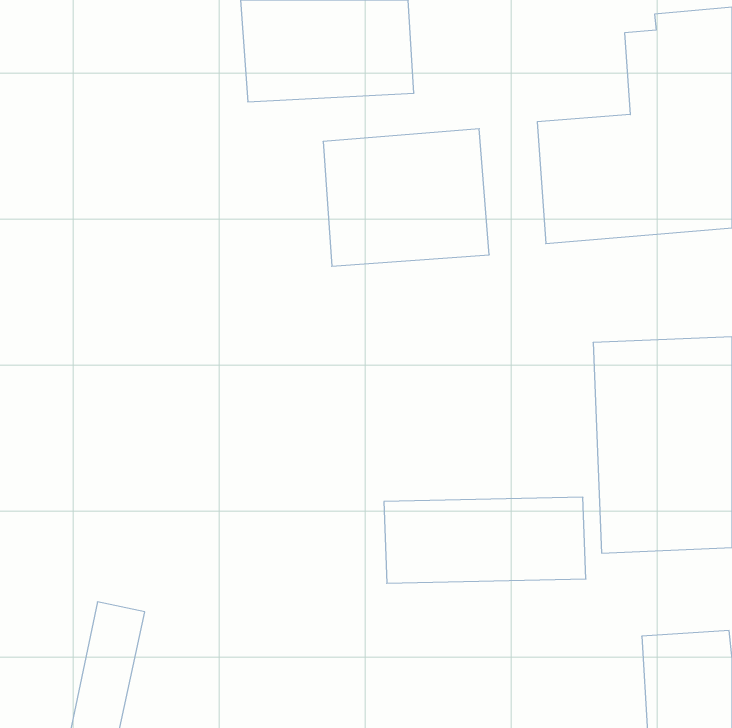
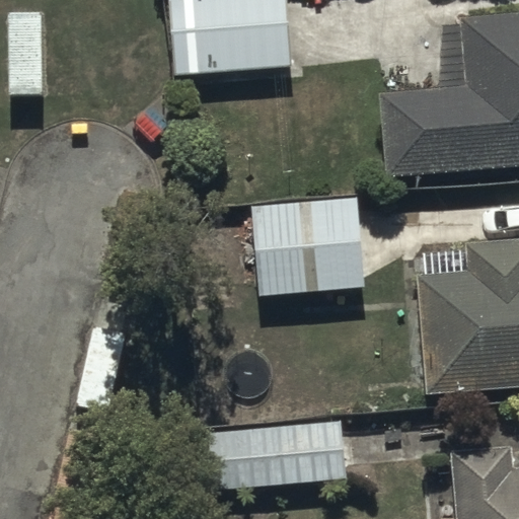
building: [323,129,489,266] -> [251,199,369,296]
building: [384,497,586,583] -> [206,424,349,485]

